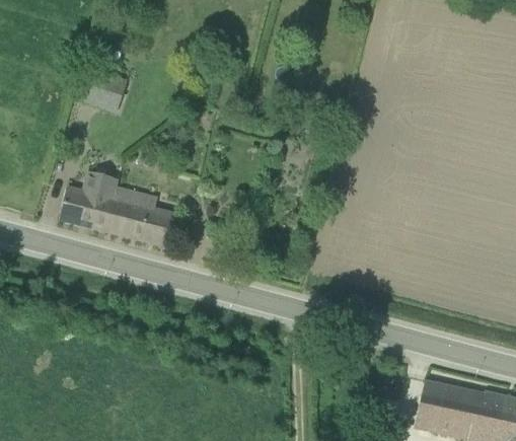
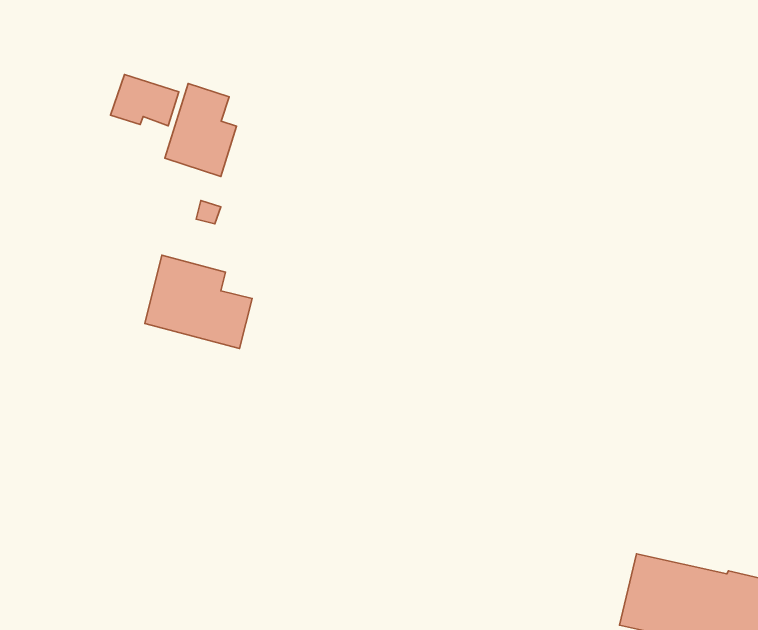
building: none -> [165,83,236,176]
building: [61,171,119,230] -> none

